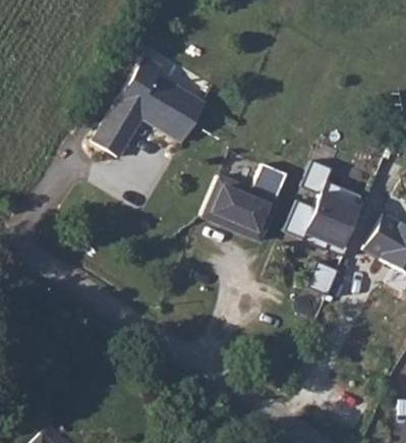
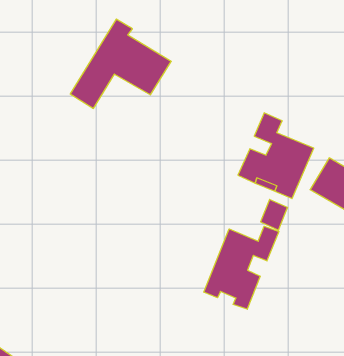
building: [198,164,284,241] -> none
building: none -> [204,226,279,309]

